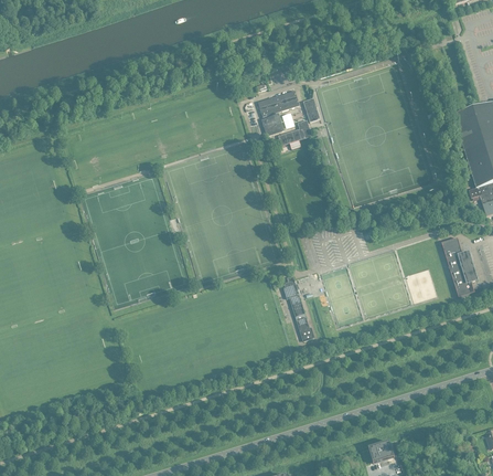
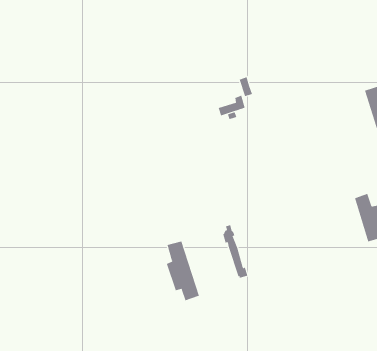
building: [257,88,298,134] -> none
building: none -> [166,239,200,301]

